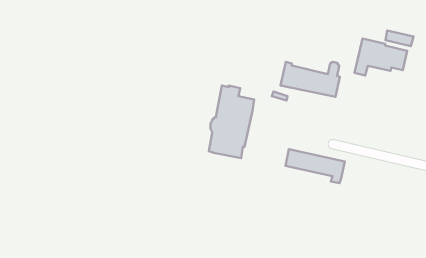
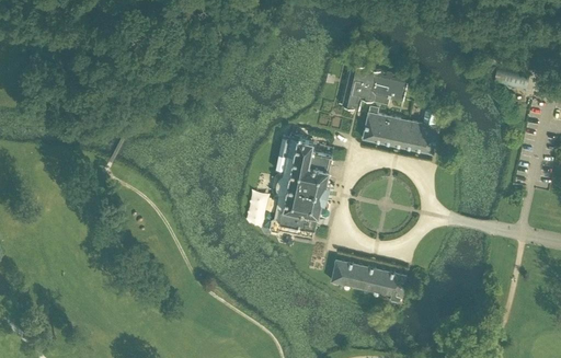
building: [355,39,407,75] -> [342,62,408,108]
building: [285,149,345,183] -> [331,259,405,302]

